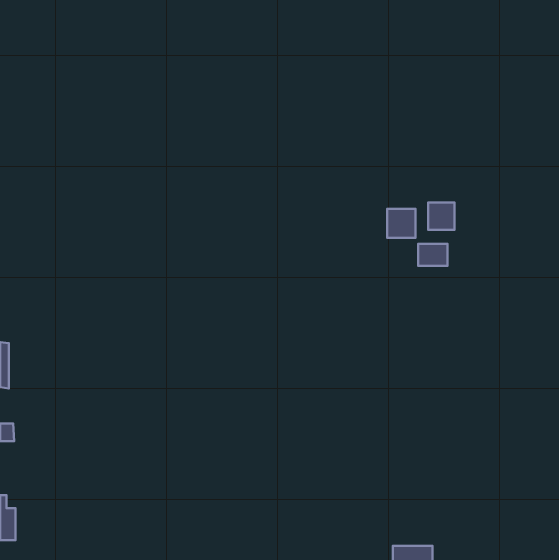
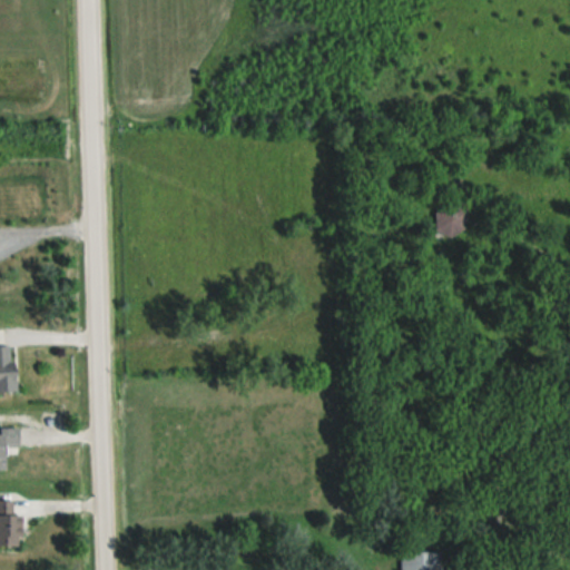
building: [387,209,415,238] -> none
building: [418,244,447,266] -> none

